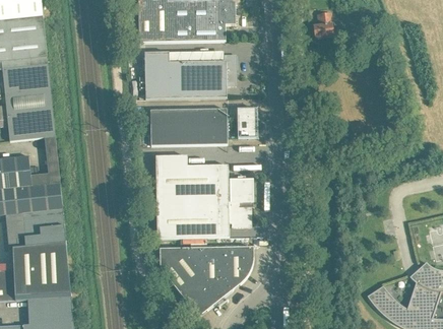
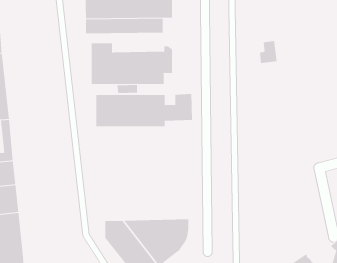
building: [313,11,333,37] -> [259,40,277,63]
building: [154,155,251,238] -> none

